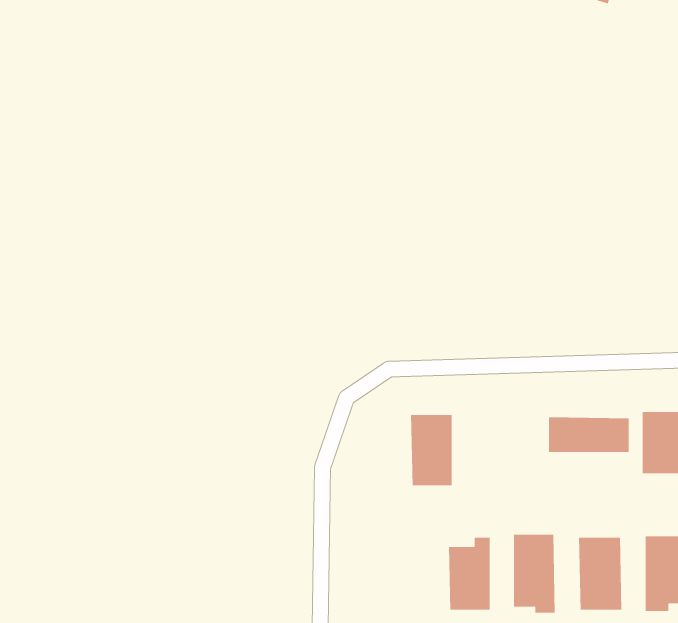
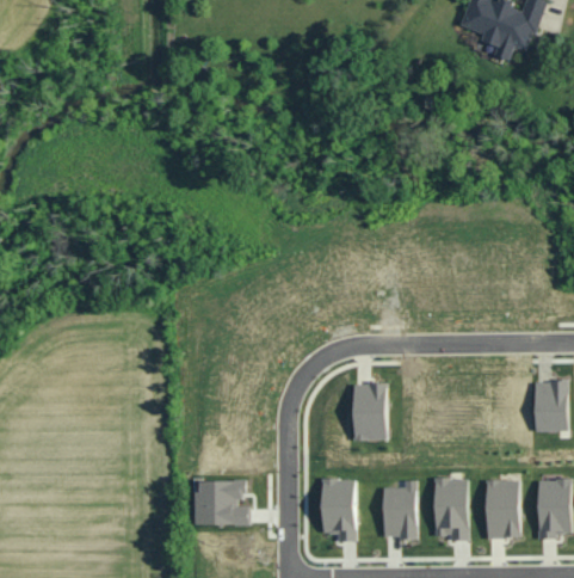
building: [549,417,629,453] -> none
building: none -> [321,479,354,541]
building: none -> [192,480,248,525]

